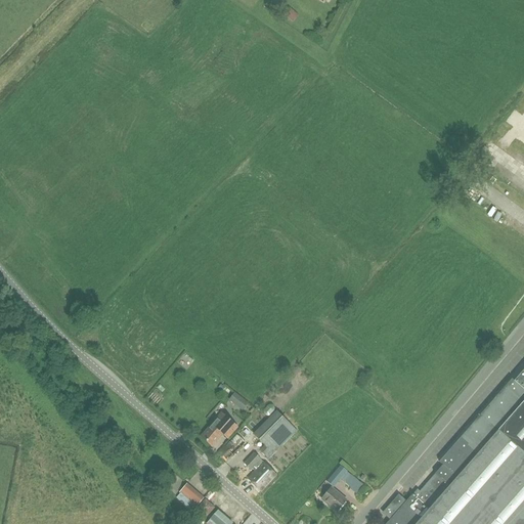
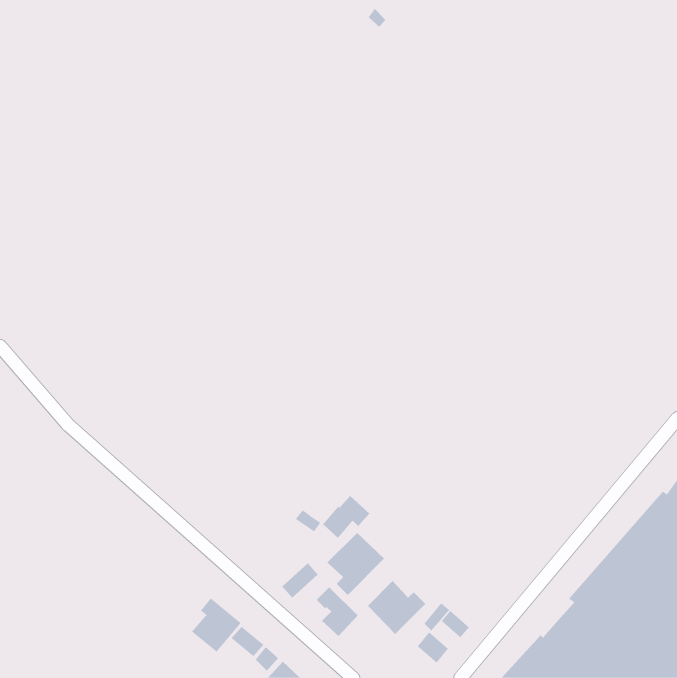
building: [201,413,237,447] -> [322,495,370,539]
building: none -> [367,580,426,635]
building: none -> [191,598,242,652]

